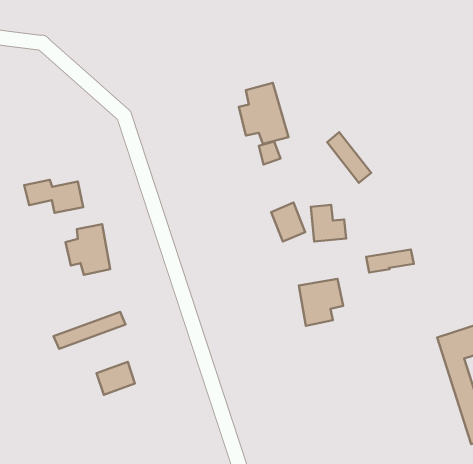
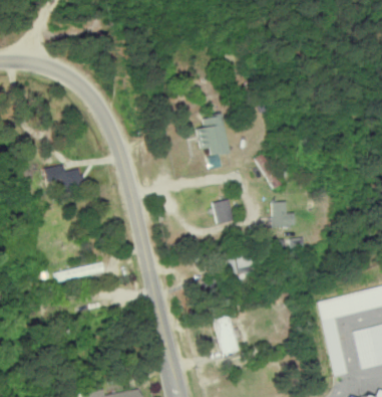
building: [311,205,346,242] -> [274,202,296,226]
building: [66,224,110,275] -> none
building: [97,362,135,395] -> none
building: none -> [216,315,239,354]

